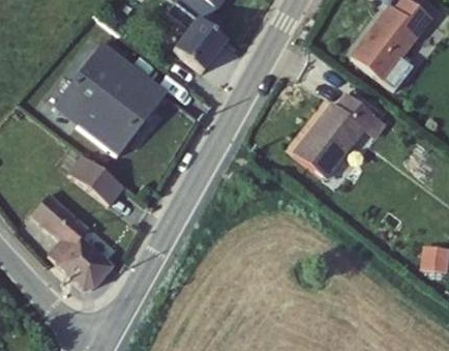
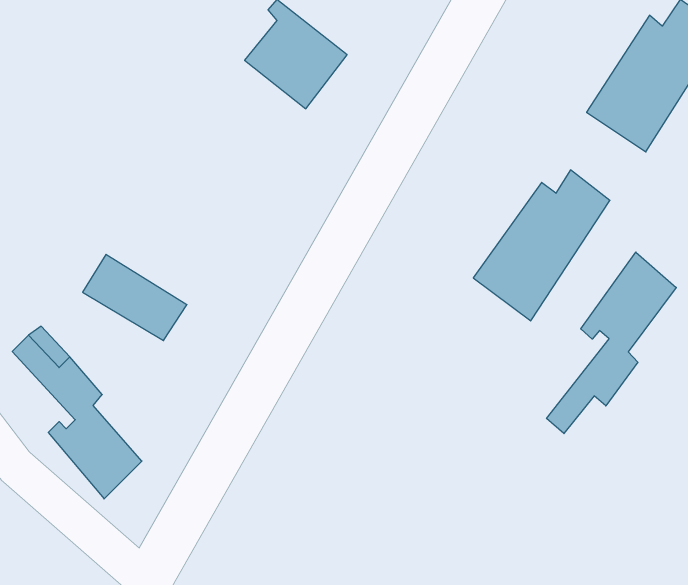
building: [48,42,157,154] -> none
building: none -> [547,252,676,434]

